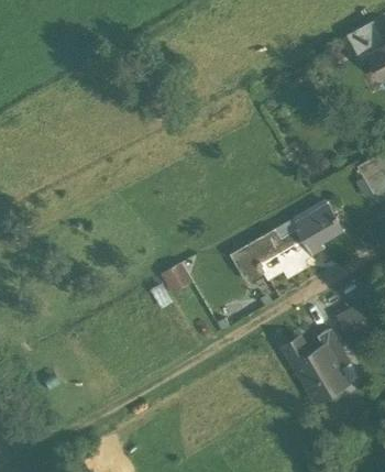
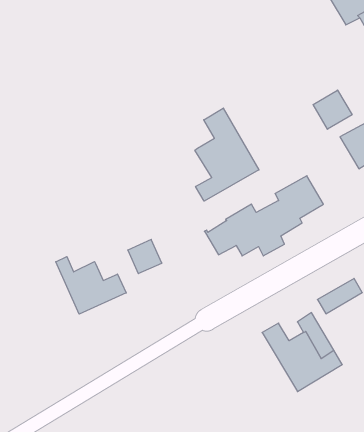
building: none -> [313,90,352,129]
building: none -> [195,108,259,201]
building: none -> [56,257,126,314]

